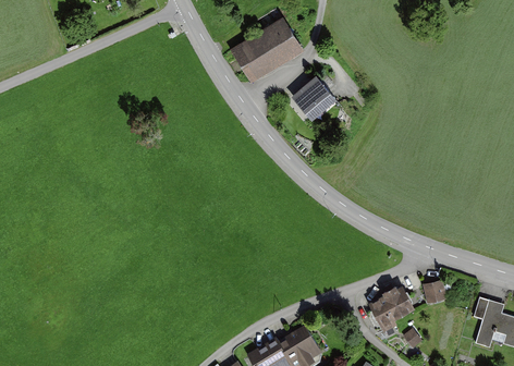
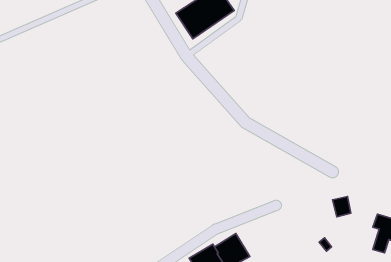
building: [293,77,336,121] -> none
building: [369,283,415,329] -> none

